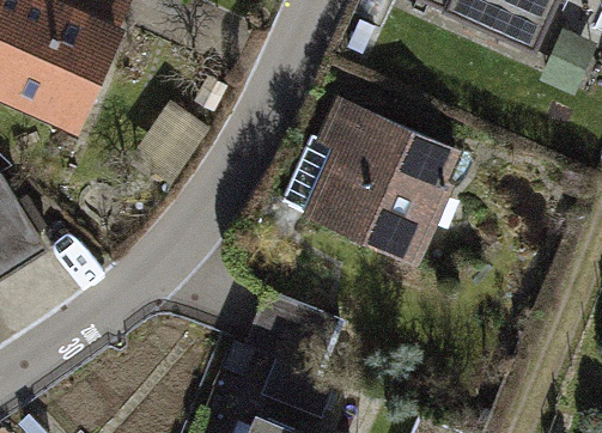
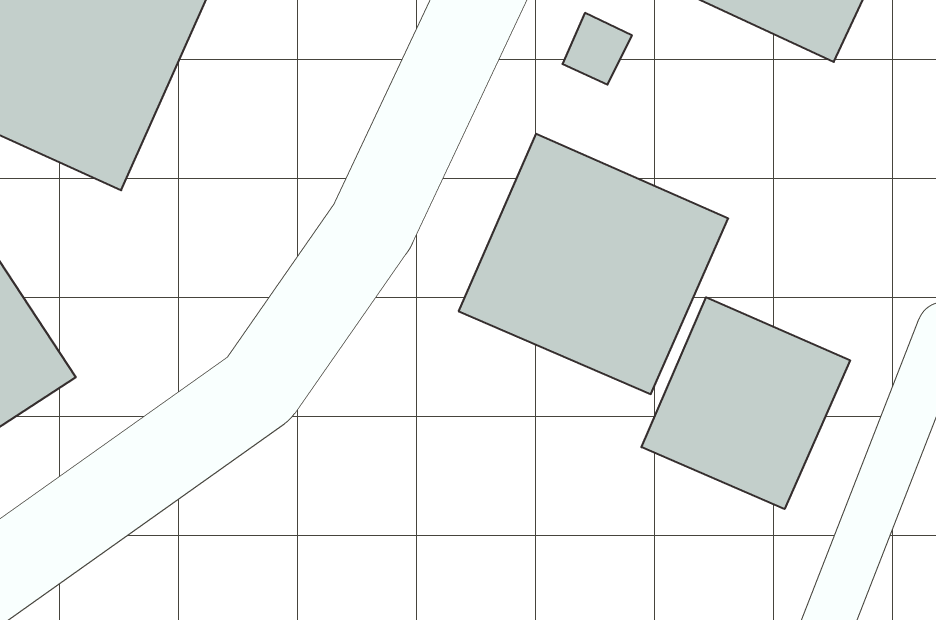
building: none -> [641,297,850,509]

